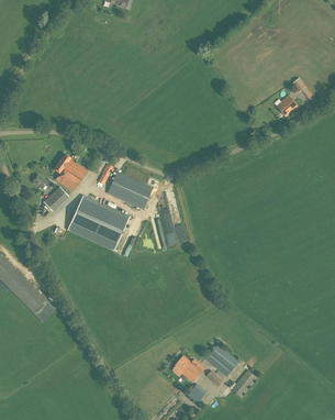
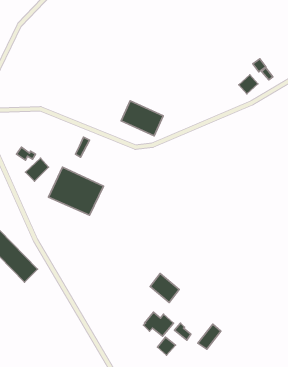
building: [53,153,87,191] -> none
building: [105,170,152,209] -> [121,101,163,136]
building: [205,344,237,376] -> [150,273,179,302]

